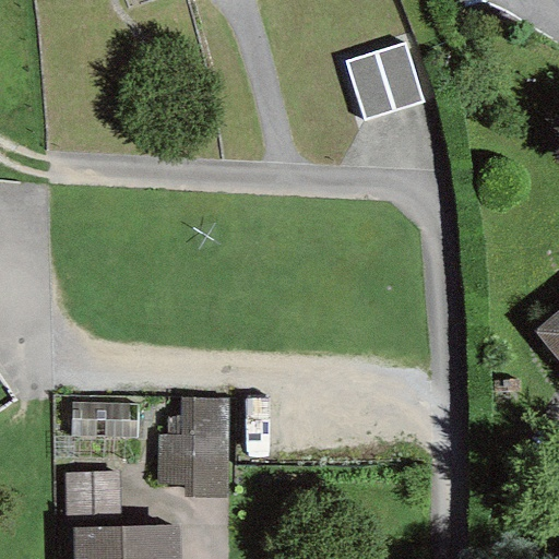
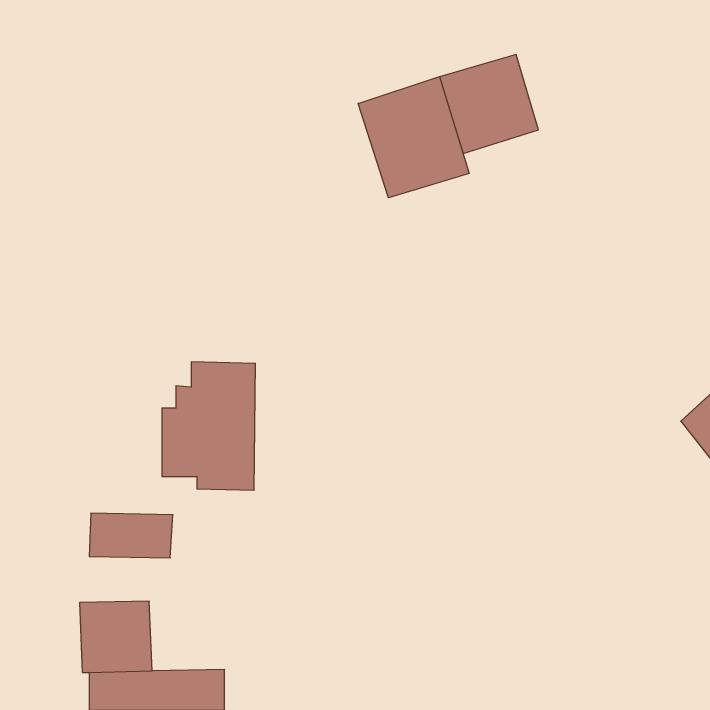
building: none -> [358,77,469,198]
building: [156,396,229,497] -> [162,362,255,490]

